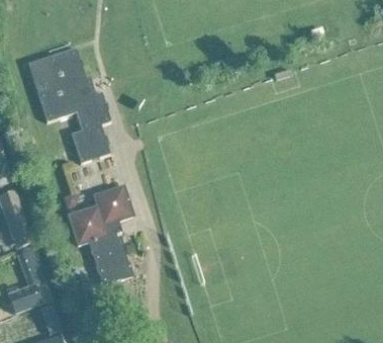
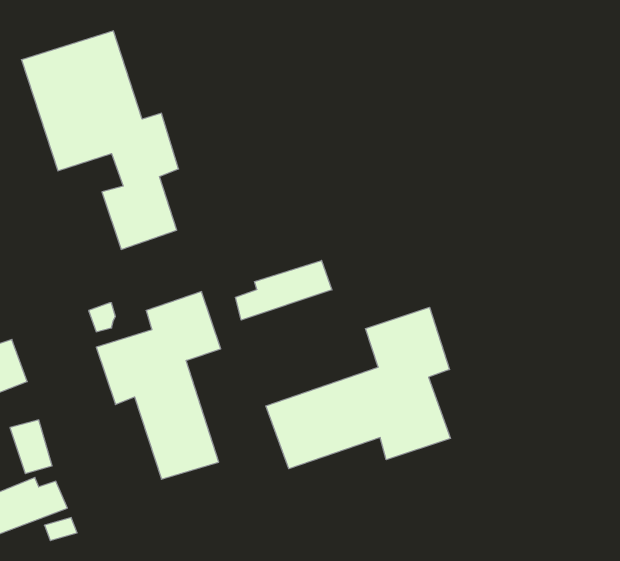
building: none -> [235,260,332,320]
building: none -> [266,307,450,469]

